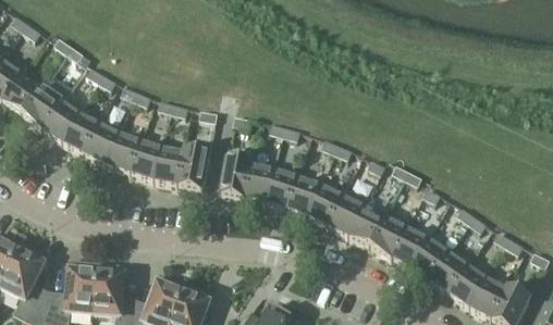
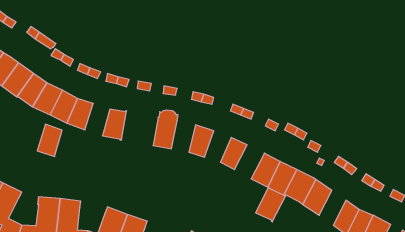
building: [131,139,163,182] -> [37,124,62,157]
building: [179,149,210,191] -> none
building: [244,162,275,203] -> none
building: [287,175,322,216] -> none
building: [327,193,366,238] -> [256,188,286,222]
building: [438,253,472,299] -> none

